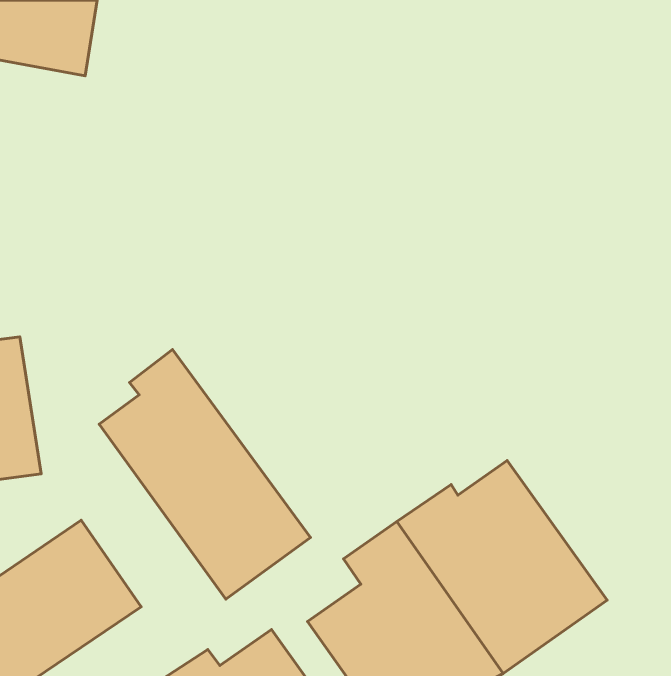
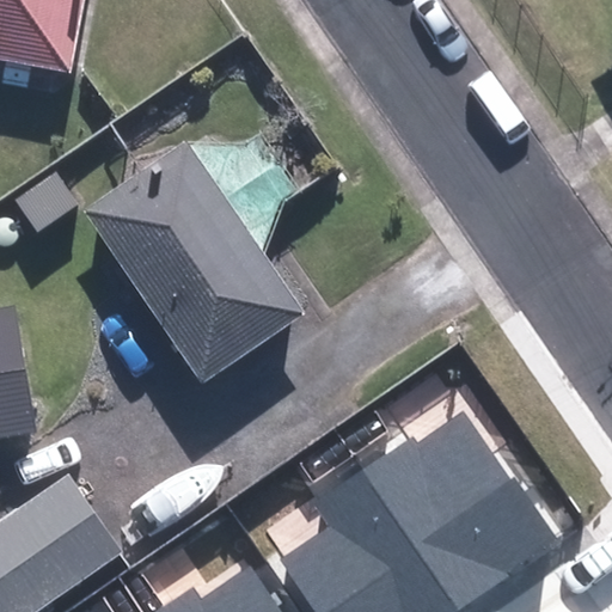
building: none -> [87,146,302,378]
building: [99,349,310,599] -> none

